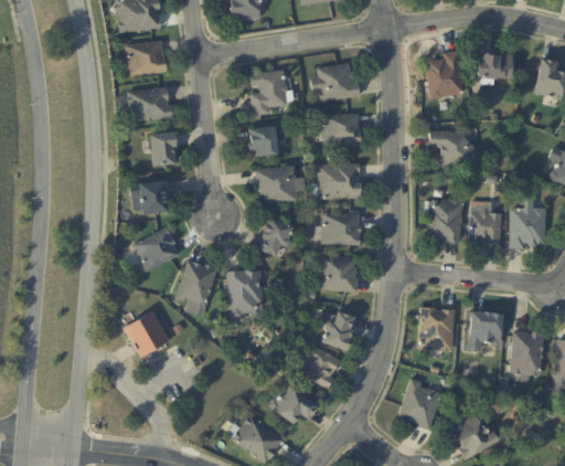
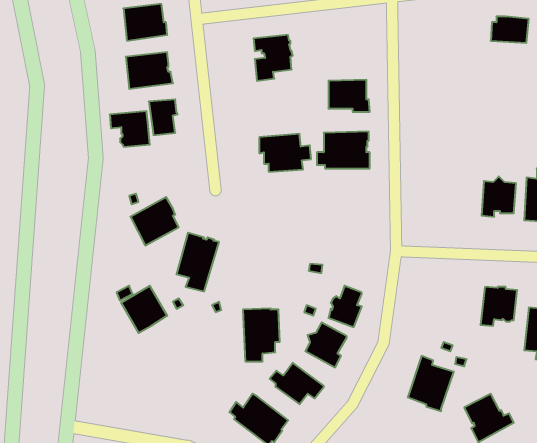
building: [426,51,465,98] -> none
building: [312,63,360,100] -> none
building: [248,125,286,156] -> none
building: [428,129,473,163] -> none
building: [130,180,169,214] -> [110,111,150,147]
building: [430,199,465,242] -> none
building: [316,212,362,244] -> none
building: [262,218,295,257] -> none
building: [319,254,359,292] -> none
building: [227,269,263,320] -> [243,308,280,361]
building: [418,306,456,350] -> none

